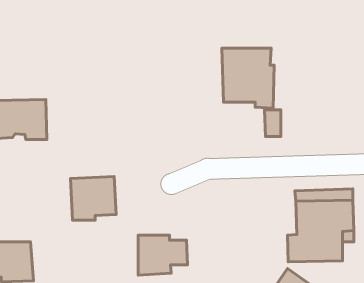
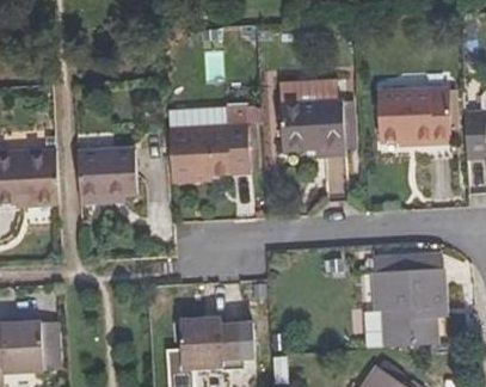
building: none -> [375,93,451,142]
building: none -> [172,105,254,180]
building: [70,177,116,220] -> [82,145,140,199]

